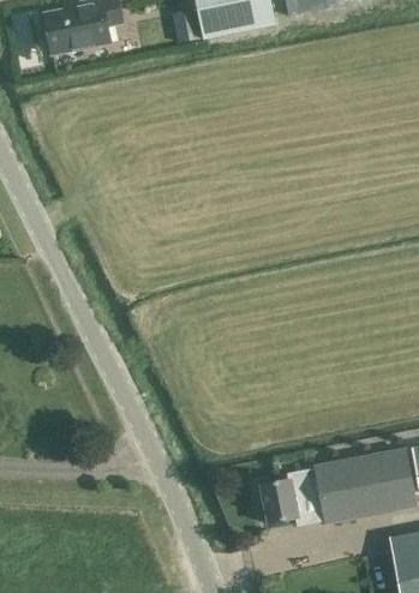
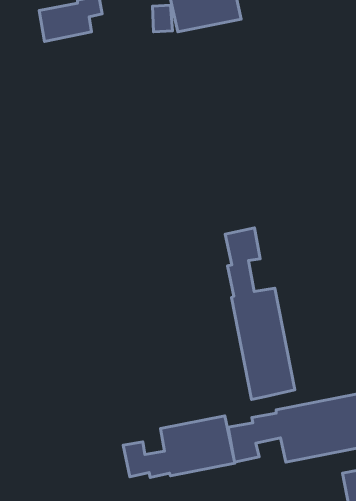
building: none -> [225,228,295,399]
building: none -> [123,416,235,477]

